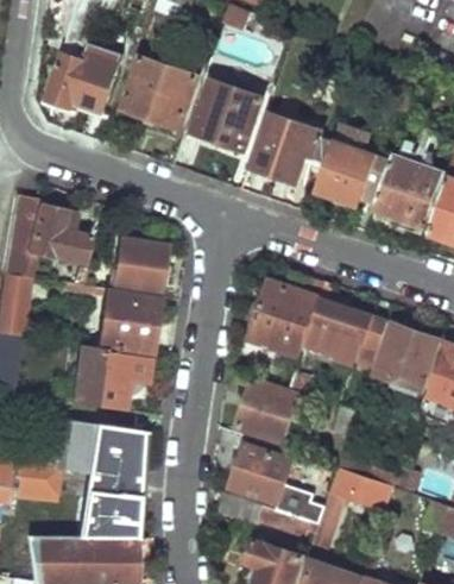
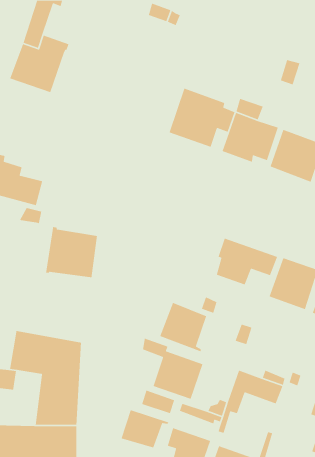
building: [125,58,197,127] -> none
building: [194,79,263,150] -> none
building: [111,237,168,291] -> none
building: [251,283,320,357] -> none
building: [77,346,152,404] -> none
building: none -> [121,409,170,449]

